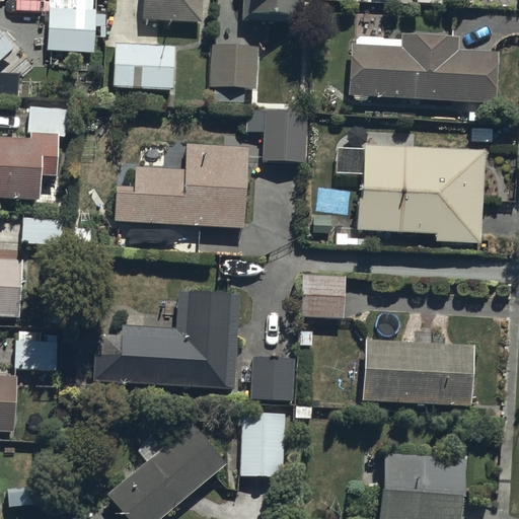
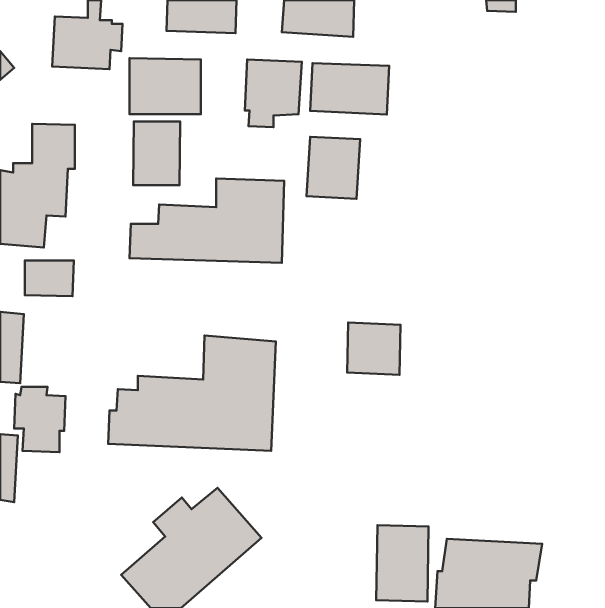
building: [349,43,499,112] -> none
building: none -> [310,63,389,114]
building: none -> [133,121,180,185]
building: [335,141,483,238] -> none
building: [360,332,471,400] -> none
building: [250,351,293,395] -> none
building: [240,415,285,479] -> [376,525,429,601]

